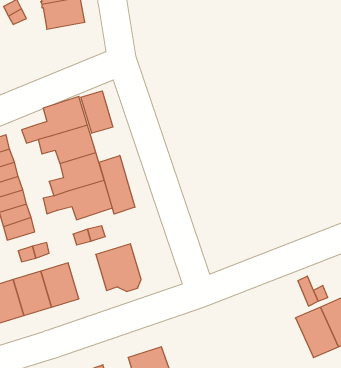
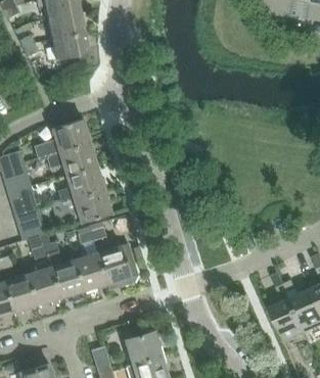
building: [81,91,113,133] -> none
building: [99,155,135,214] -> none
building: none -> [75,253,107,291]

